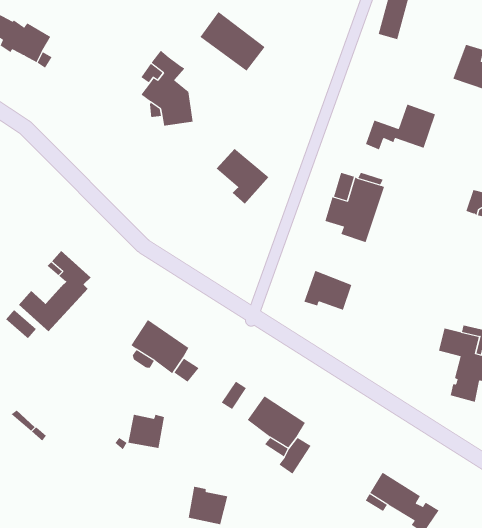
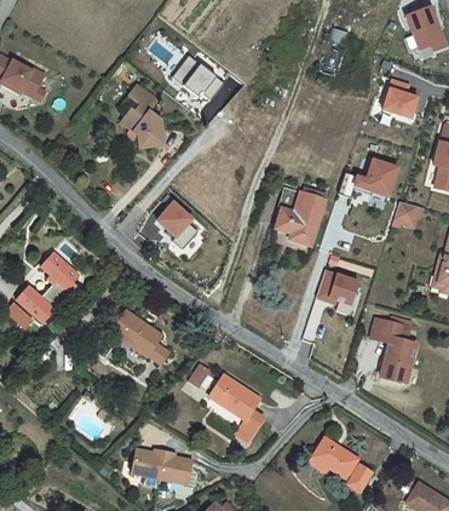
building: [365,104,436,150] -> [338,160,397,199]
building: [216,148,269,204] -> [157,203,202,251]
building: [303,270,352,311] -> [316,270,357,304]
building: [127,414,165,449] -> [133,449,165,478]

